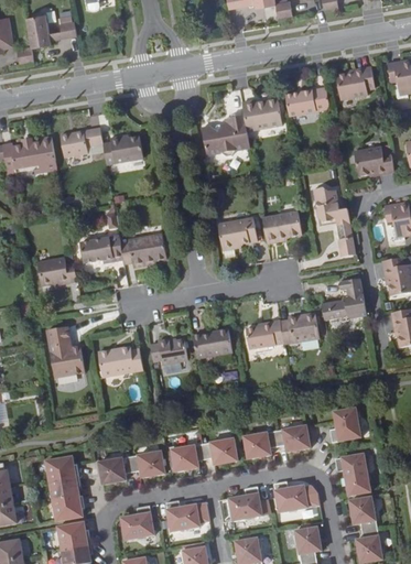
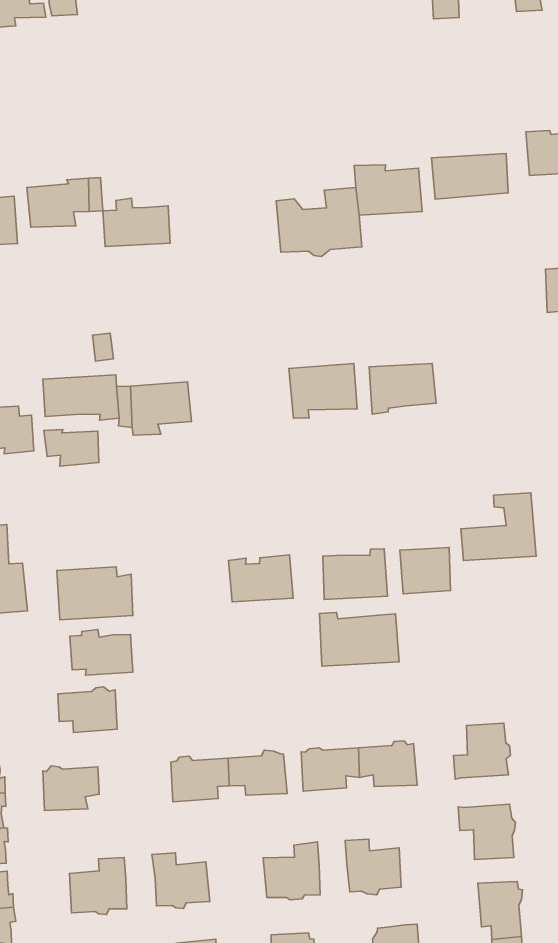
building: [312,187,355,258] -> none
building: none -> [44,429,99,466]
building: [149,338,186,365] -> [70,629,133,675]
building: none -> [320,612,399,666]
building: [131,451,166,478] -> [58,687,117,733]

